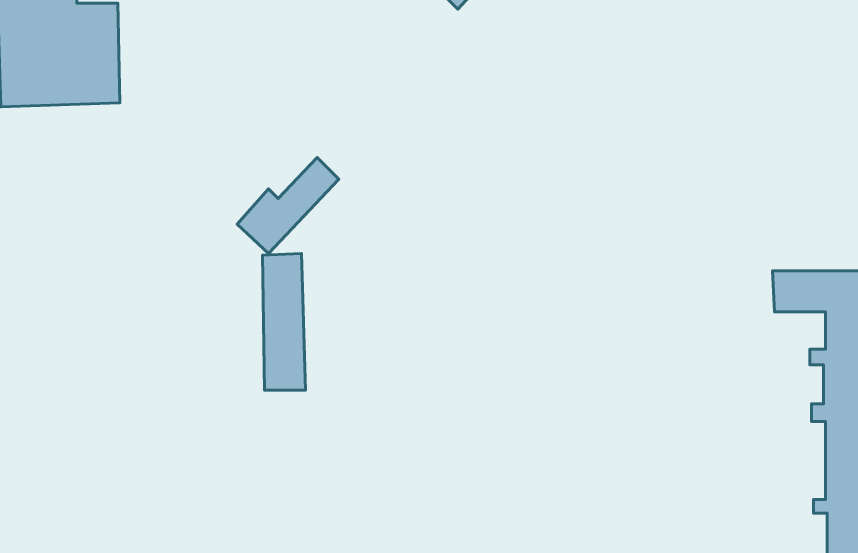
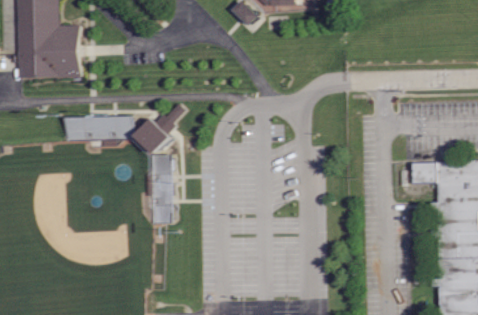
building: none -> [66,117,135,140]

